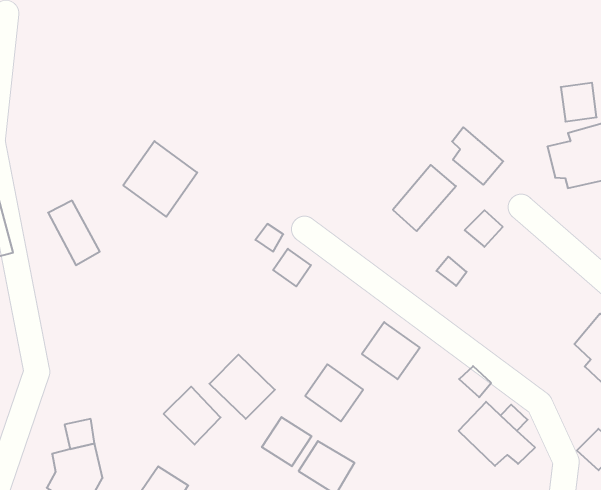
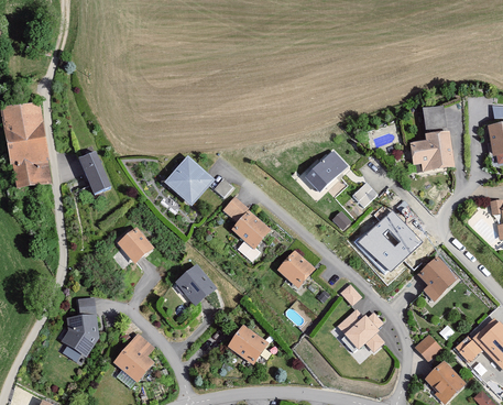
building: [452,127,503,185] -> none
building: [123,141,197,217] -> [165,156,215,207]
building: none -> [360,210,420,270]
building: [305,364,363,421] -> [232,210,271,249]
building: [164,387,221,445] -> [117,226,154,264]
building: [262,417,311,466] -> none

